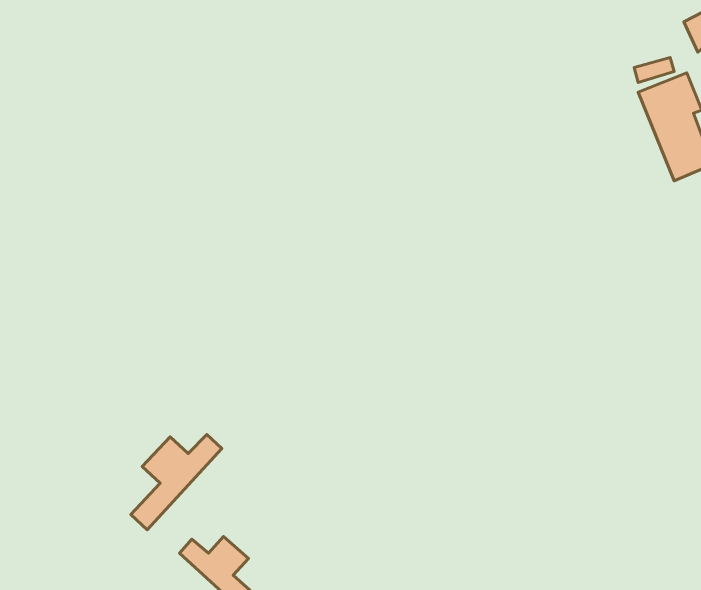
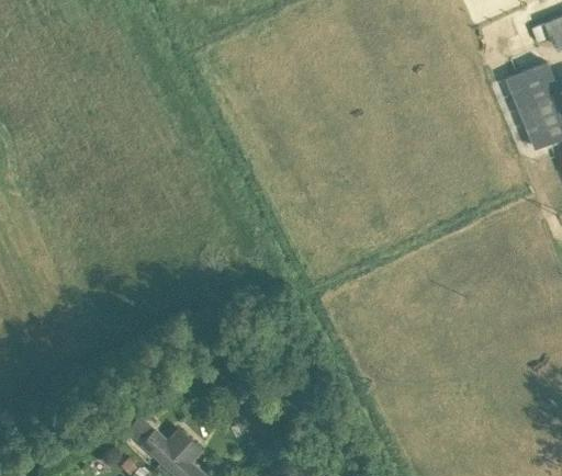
building: [131,435,222,530] -> none

